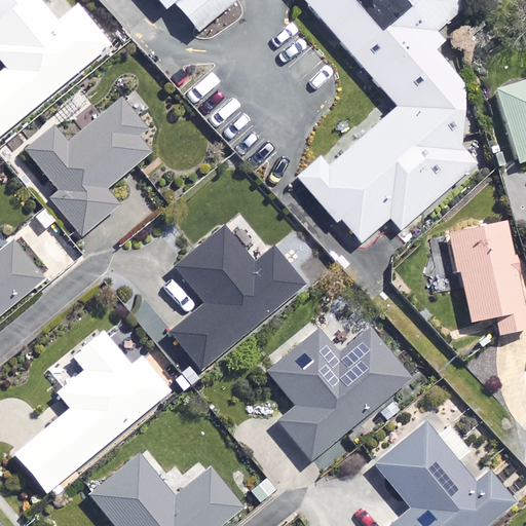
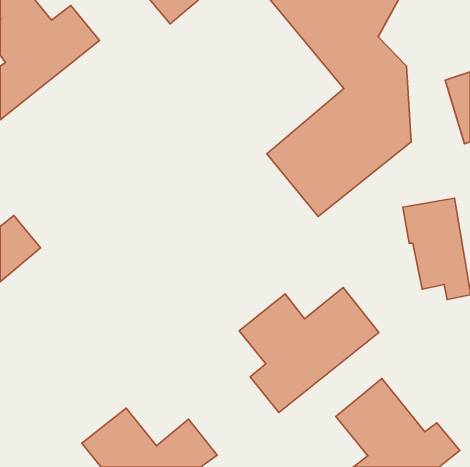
building: [26,99,160,234] -> none
building: [171,228,304,369] -> none
building: [15,331,172,494] -> none

